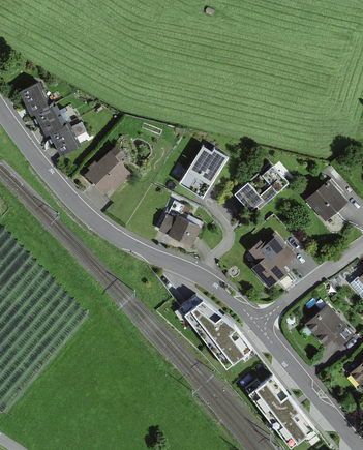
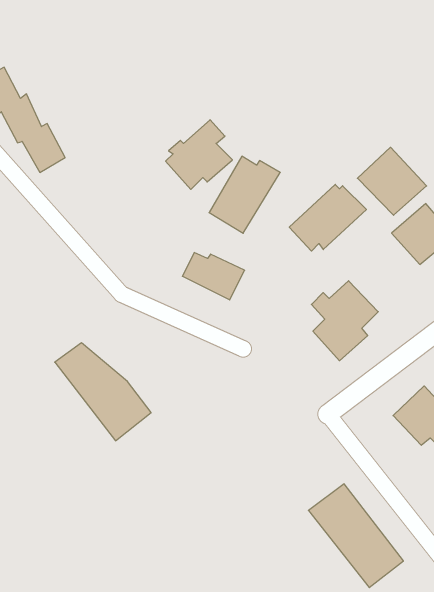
building: none -> [357,147,427,215]
building: [86,145,132,193] -> [166,120,232,189]
building: [184,299,251,367] -> [55,343,151,441]

